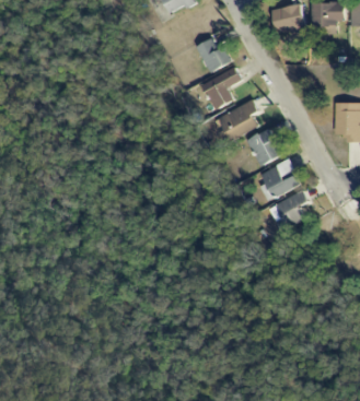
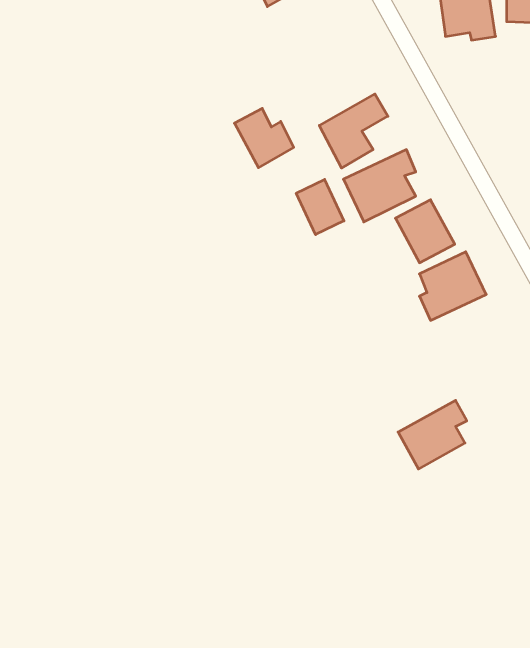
building: [196,38,231,73] -> [234,108,294,168]
building: none -> [296,179,344,235]
building: [268,190,309,231] -> [398,400,467,469]

